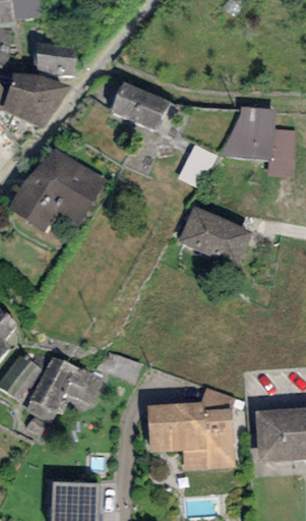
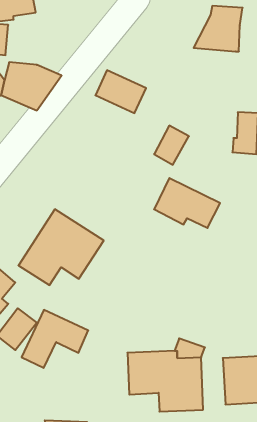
building: [33,43,76,74] -> none
building: [220,107,276,159] -> [194,6,243,51]
building: [9,146,107,232] -> [18,209,104,285]

